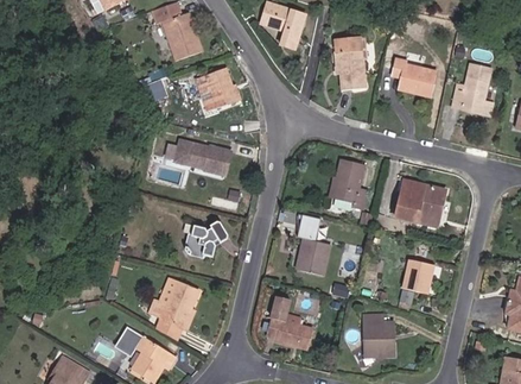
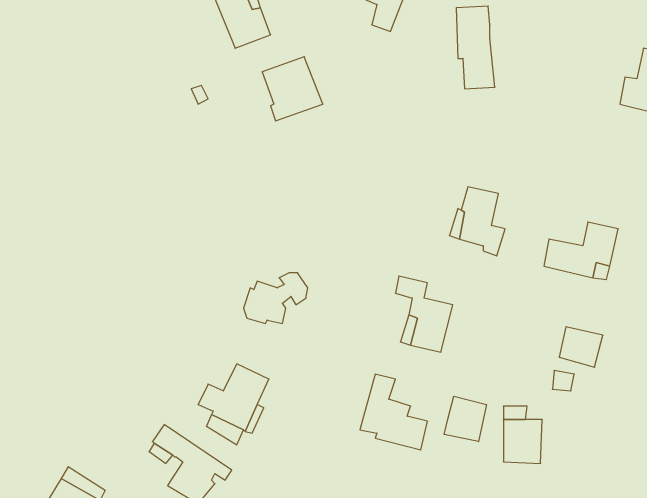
building: [389,59,432,96] -> none
building: [176,141,231,177] -> none
building: none -> [444,396,487,442]

